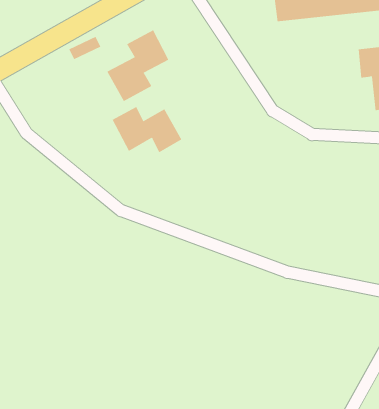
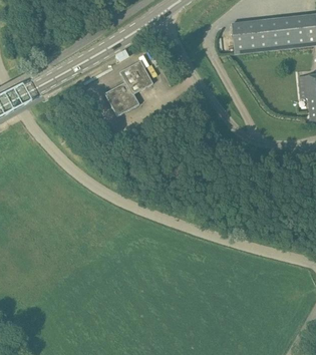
building: [112,106,182,153] -> none

